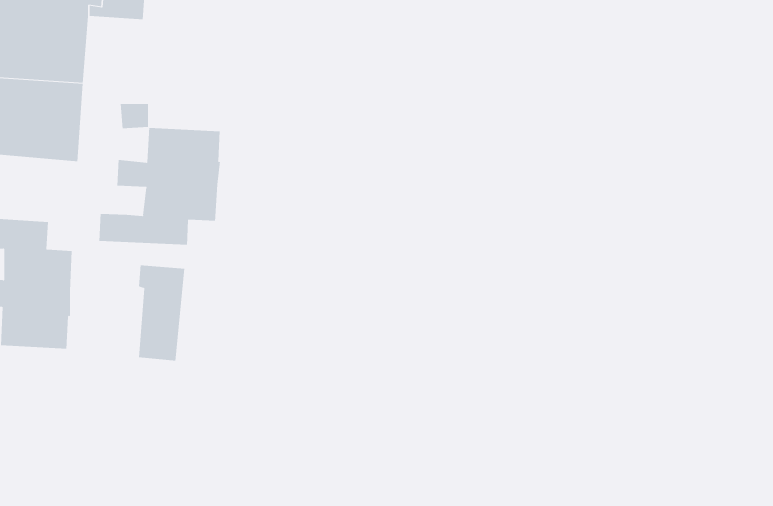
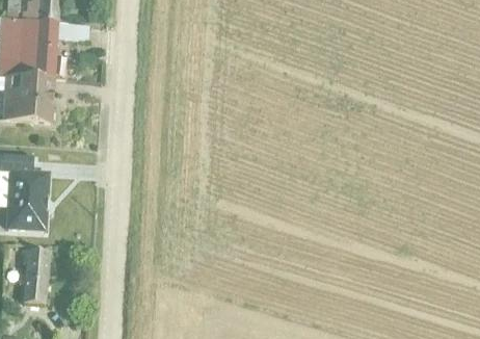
building: [99,127,221,245] -> none
building: [138,265,185,361] -> [23,249,50,304]

